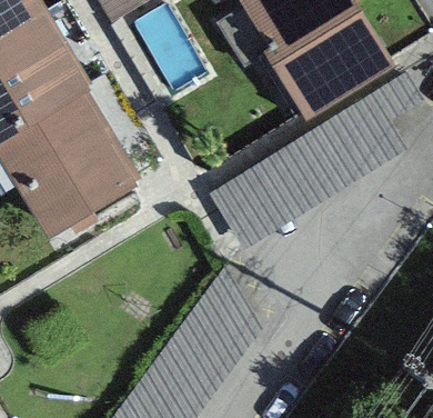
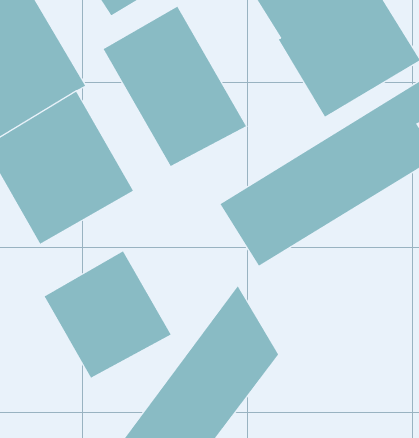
building: none -> [103,6,247,167]
building: none -> [44,251,171,379]

